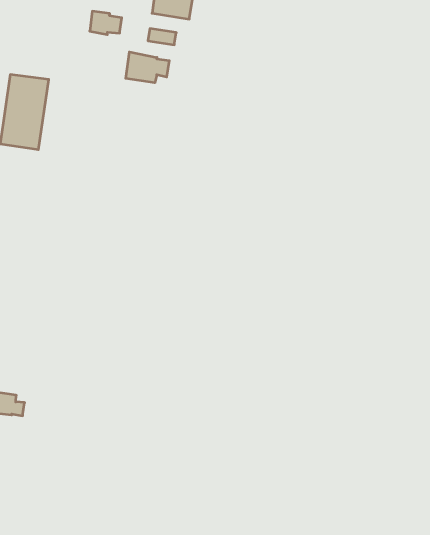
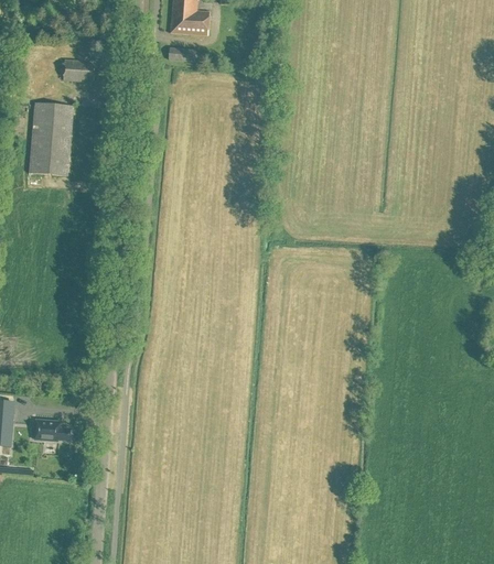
building: [90,11,122,35] -> [63,59,94,82]
building: [126,52,169,83] -> none

